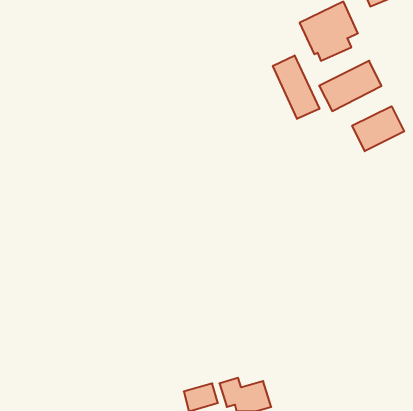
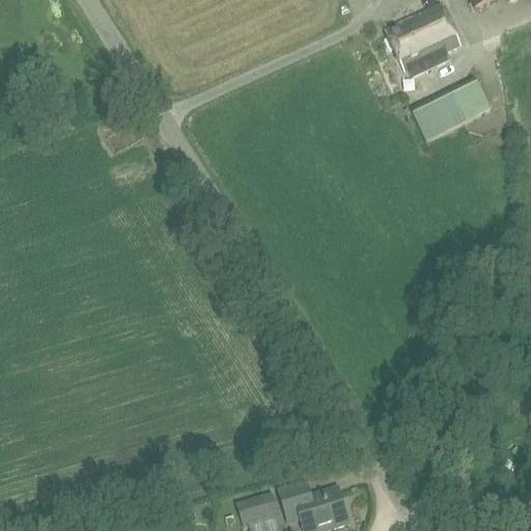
building: [273,55,319,119] -> none
building: [352,106,404,151] -> none

